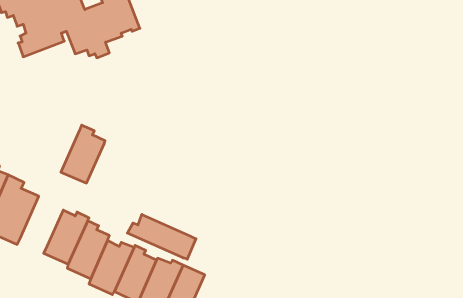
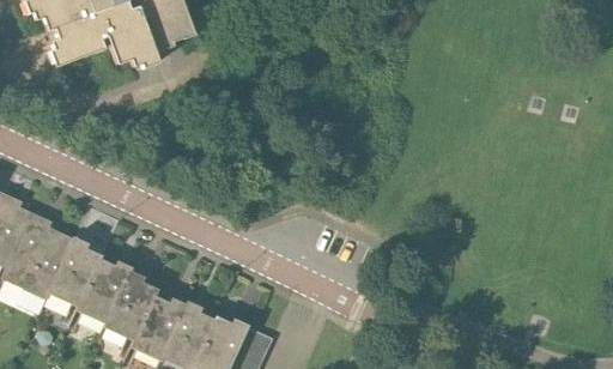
building: [61,125,105,183] -> [48,235,102,306]
building: [127,214,196,259] -> none

